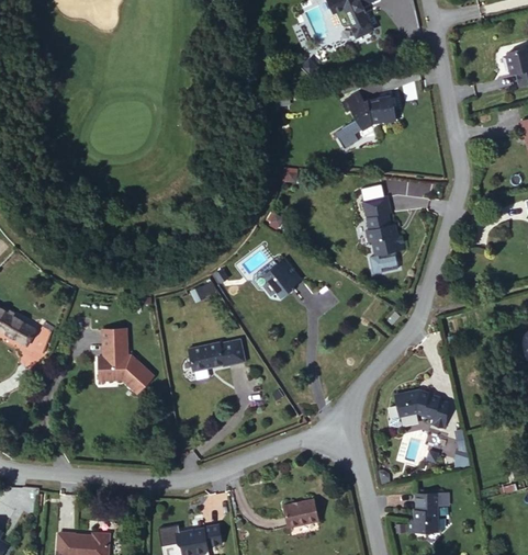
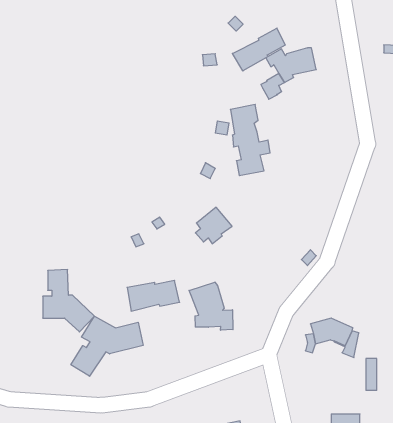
building: none -> [232,28,285,71]
building: [361,195,405,274] -> [230,104,270,176]
building: none -> [189,282,233,330]
building: none -> [71,316,143,376]

